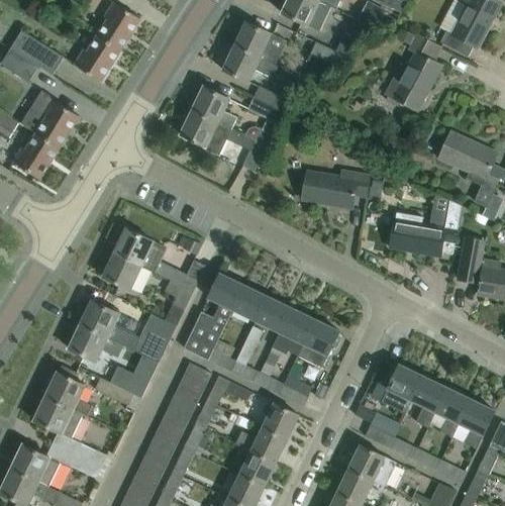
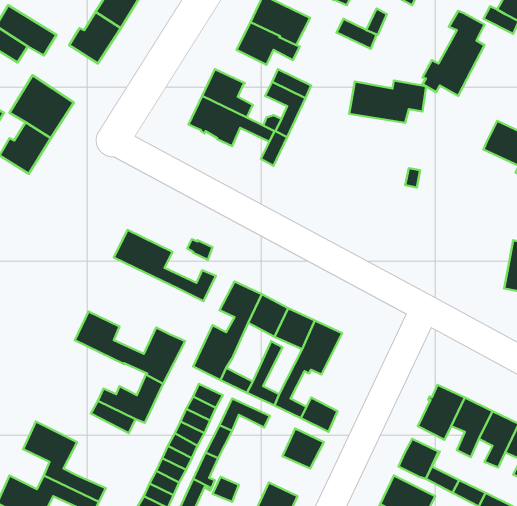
building: [301,171,369,208] -> [349,80,426,123]
building: [389,200,461,257] -> none
building: [102,252,140,290] -> none
building: [163,280,192,326] -> none
building: [296,319,338,368] -> none
building: [68,325,122,362] -> none
building: [44,366,89,416] -> none
building: [235,427,286,463] -> none

